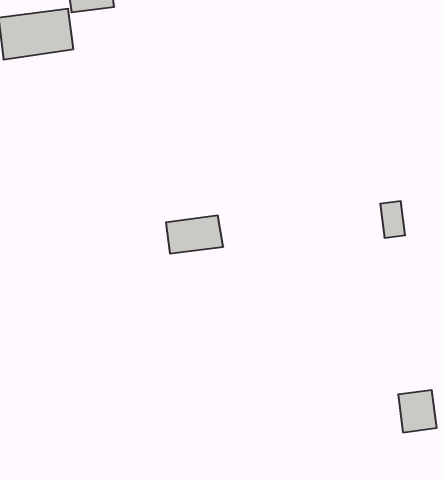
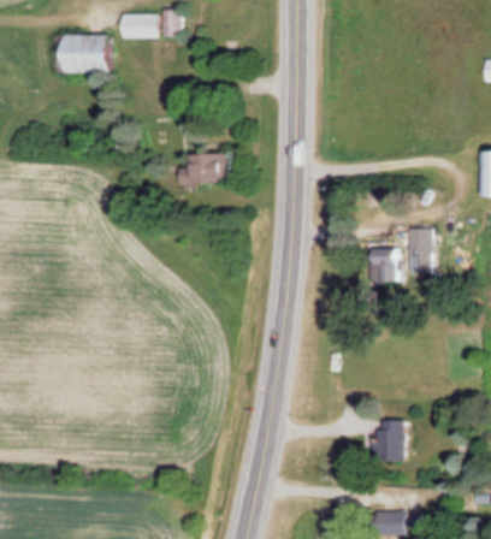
building: none -> [403,230,430,277]
building: [166,216,223,254] -> [181,154,230,183]

